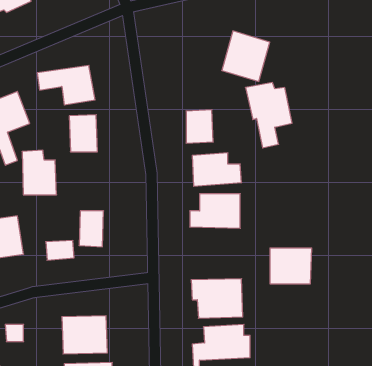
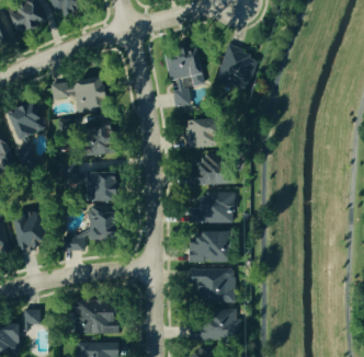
building: [245,83,292,148] -> [162,48,204,106]
building: [22,150,57,195] -> [84,160,115,199]
building: [270,248,312,284] -> [191,230,228,262]

